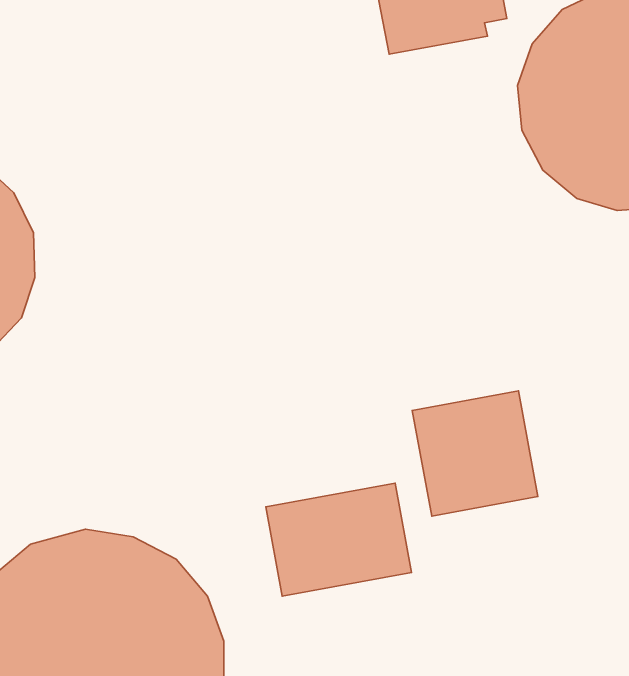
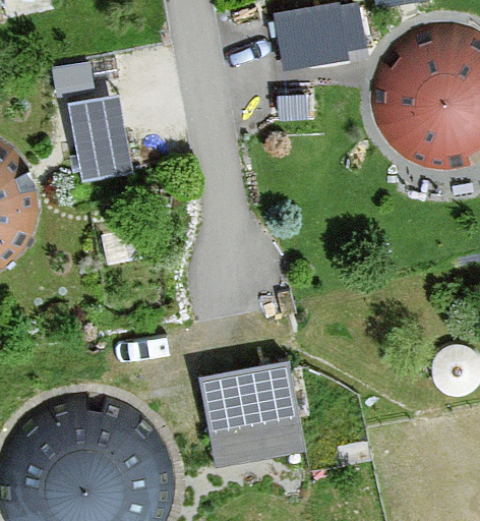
building: none -> [67,94,133,183]
building: [412,391,538,516] -> none

